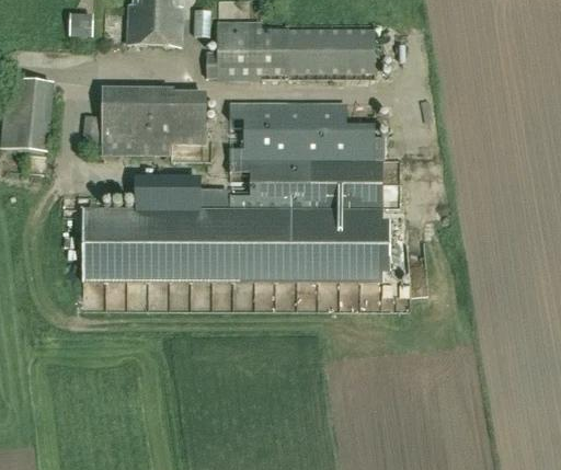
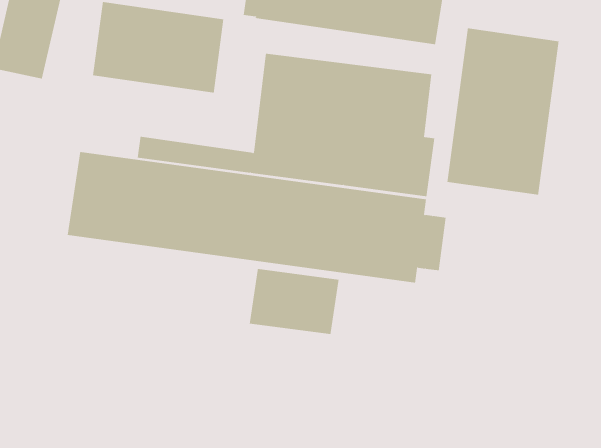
building: none -> [447,28,559,196]
building: none -> [249,268,339,335]

